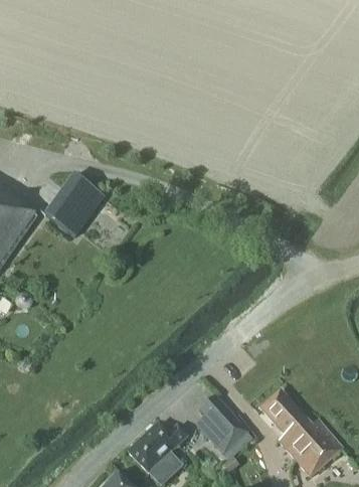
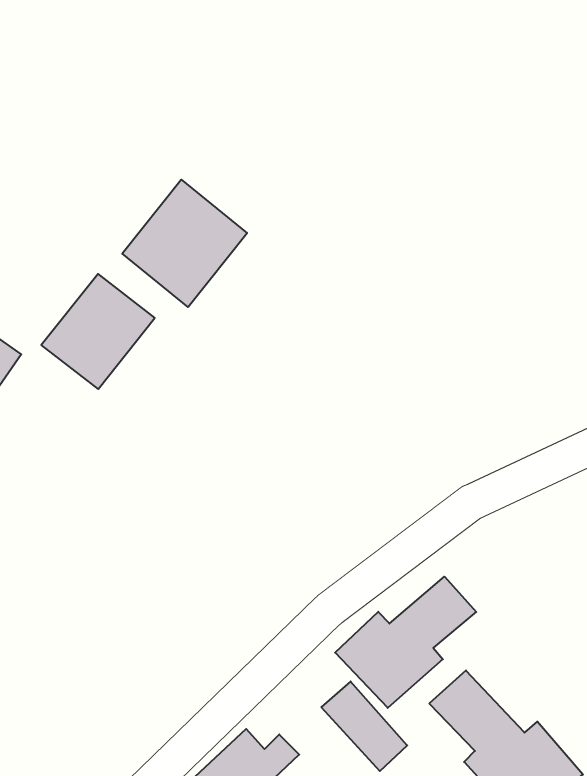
building: none -> [122,180,247,307]
building: none -> [335,577,476,708]

